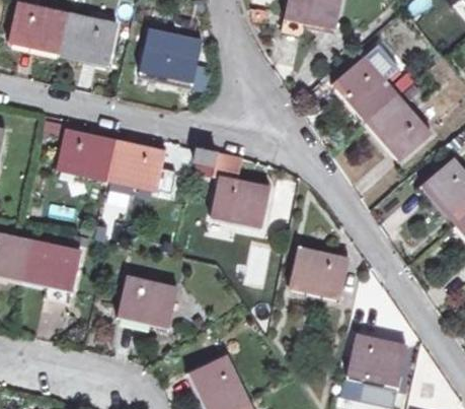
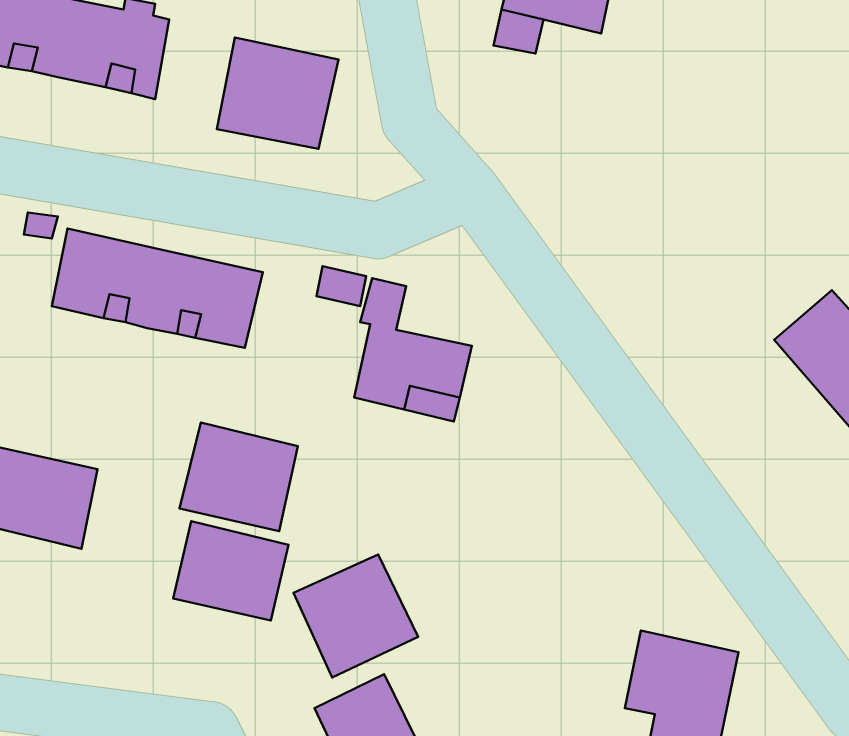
building: [334,47,432,162] -> none
building: none -> [180,422,298,531]
building: [290,247,348,296] -> none
building: none -> [293,554,418,677]

